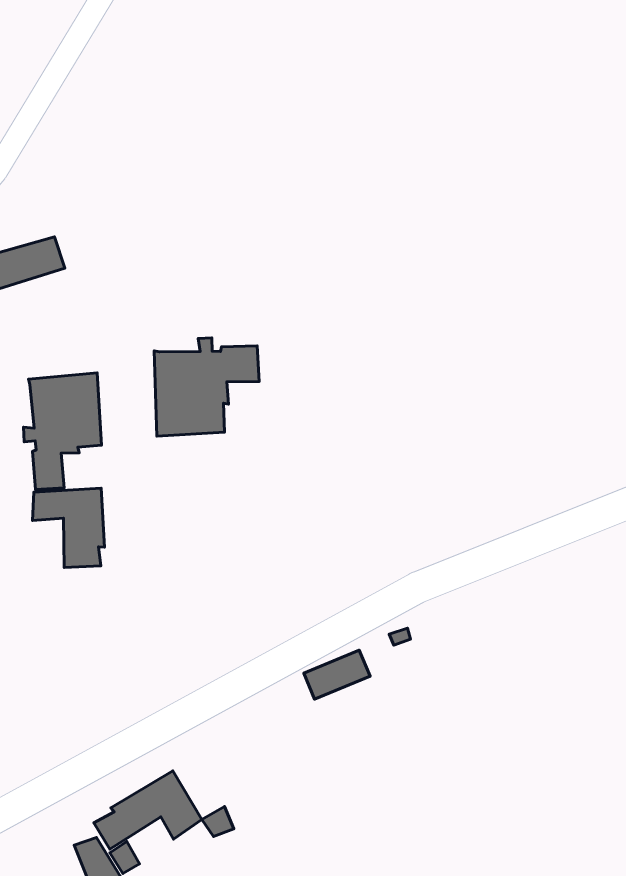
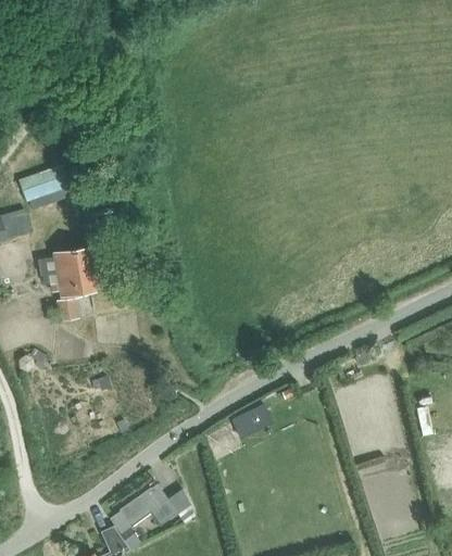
building: [154,338,259,436] -> none
building: [33,488,105,568] -> none

